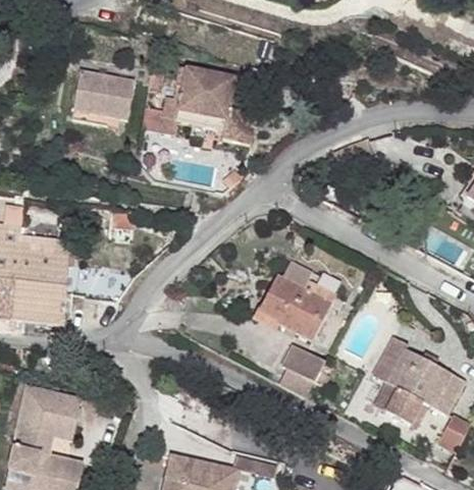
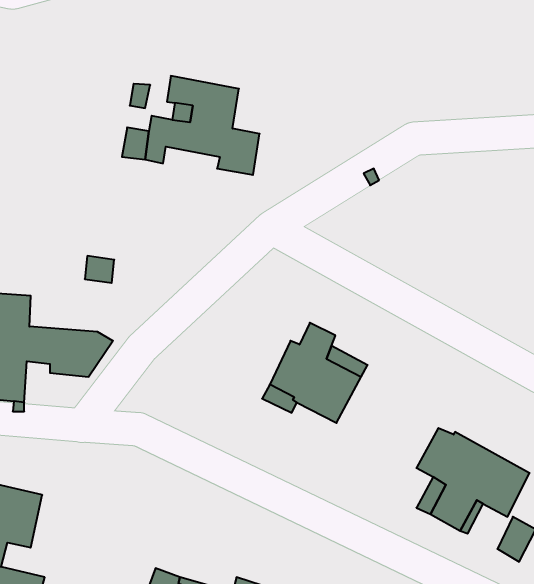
building: [71,70,135,126] -> none
building: [281,342,325,381] -> none

